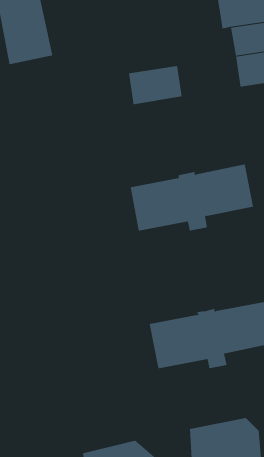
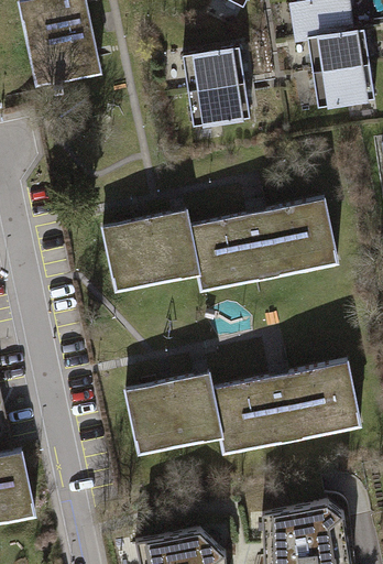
building: none -> [180,48,244,94]
building: none -> [102,209,197,281]
building: none -> [125,371,220,443]

